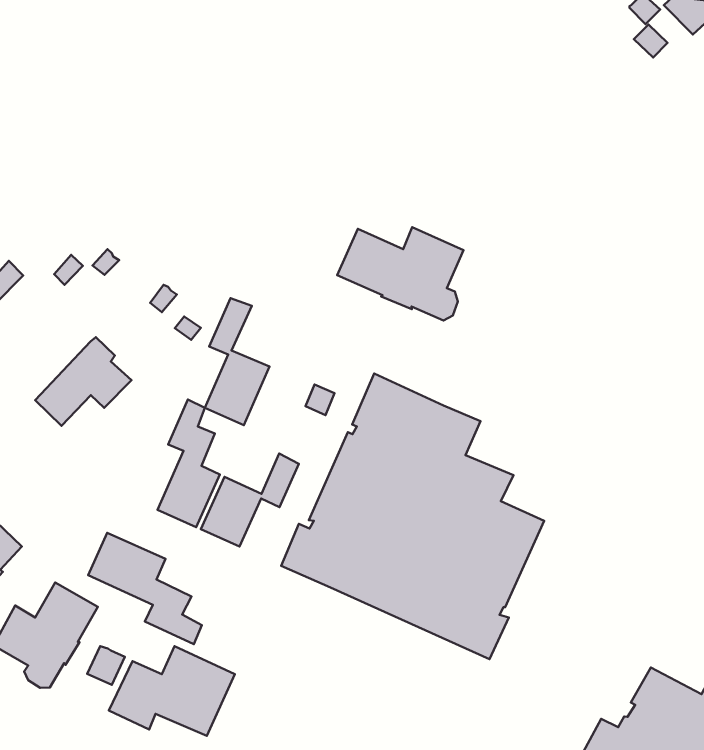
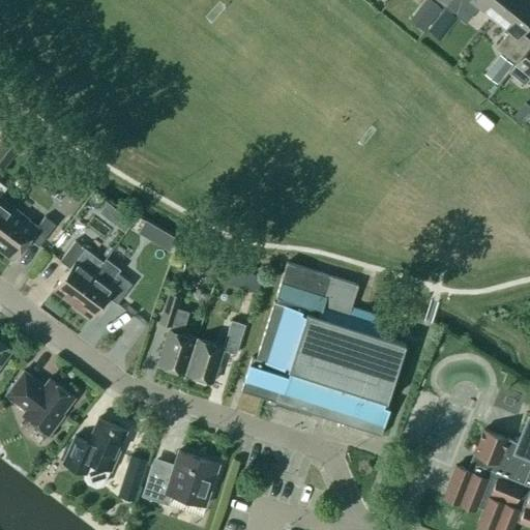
building: [337,227,463,321] -> none
building: [205,298,269,425] -> none
building: none -> [54,241,104,303]
building: [88,533,202,644] -> none

